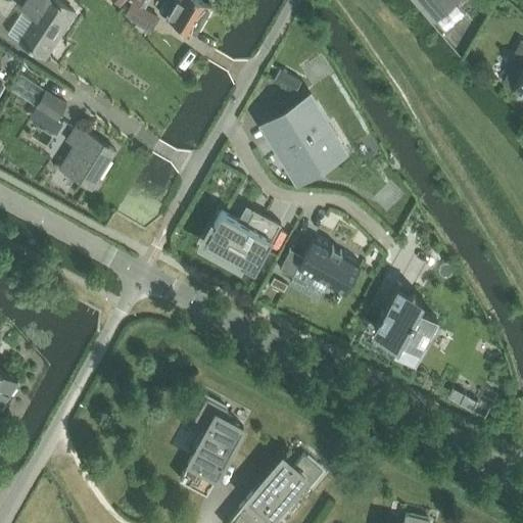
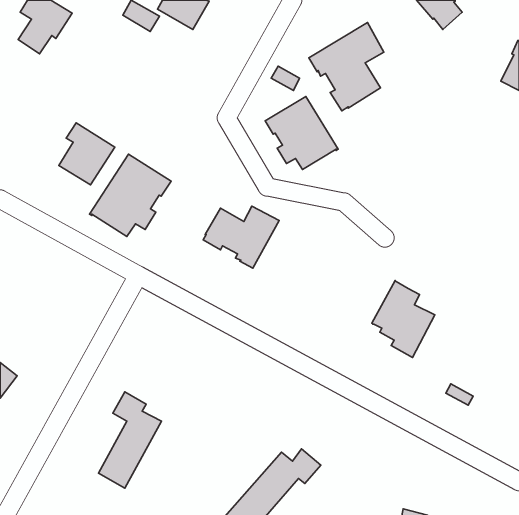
building: none -> [309,23,384,111]
building: [10,77,67,123] -> none
building: none -> [90,154,171,237]
building: [279,240,361,295] -> none
building: [180,399,243,496] -> [99,392,161,488]

